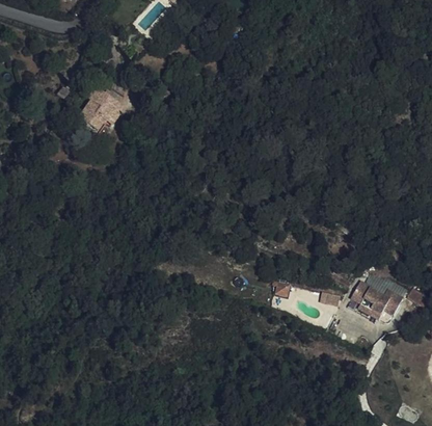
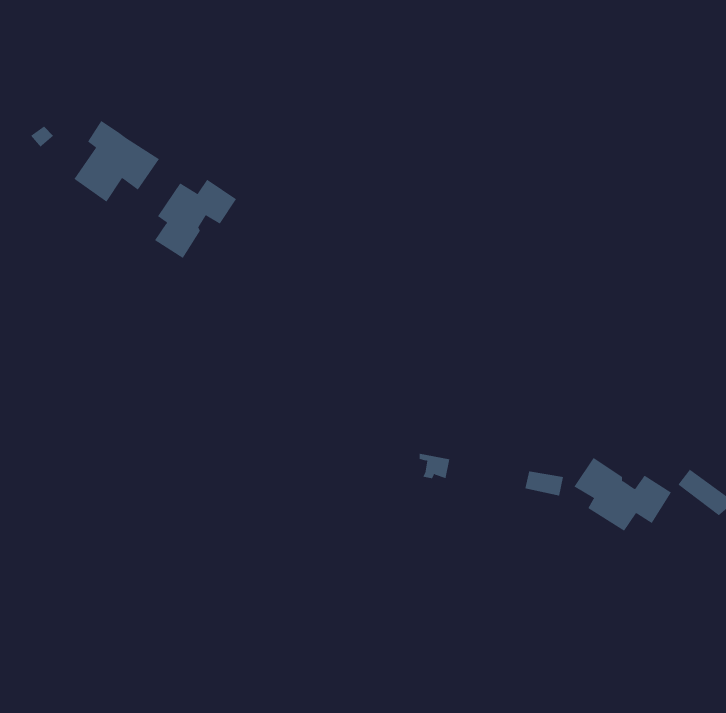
building: none -> [154,179,237,259]

